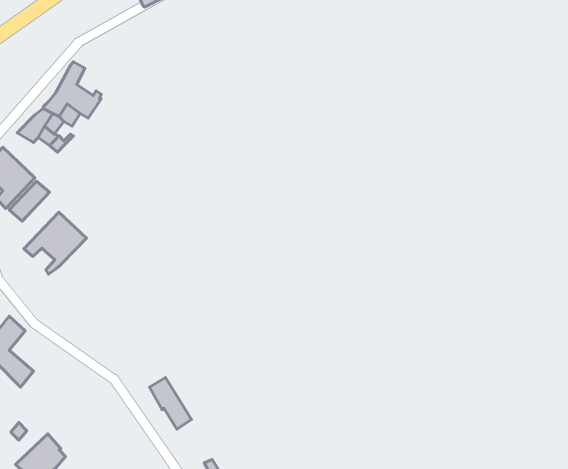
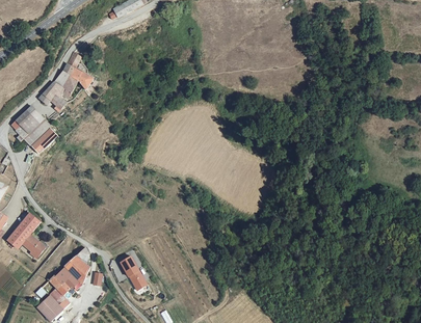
building: [24,212,86,274] -> none
building: none -> [48,248,91,298]

